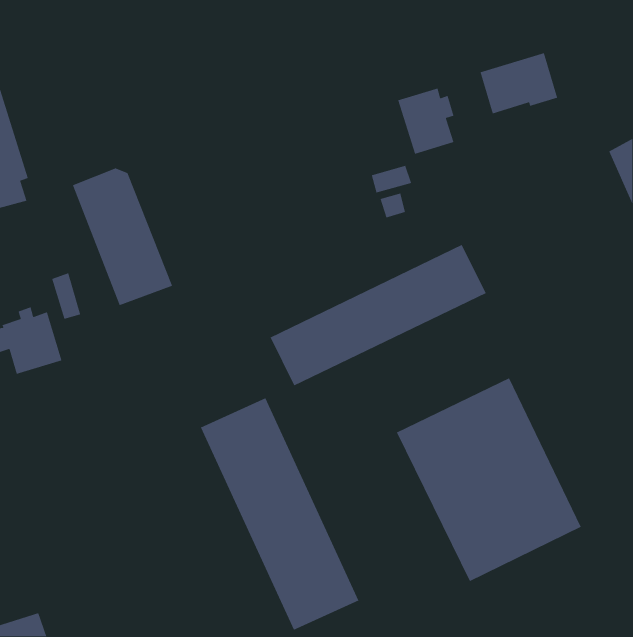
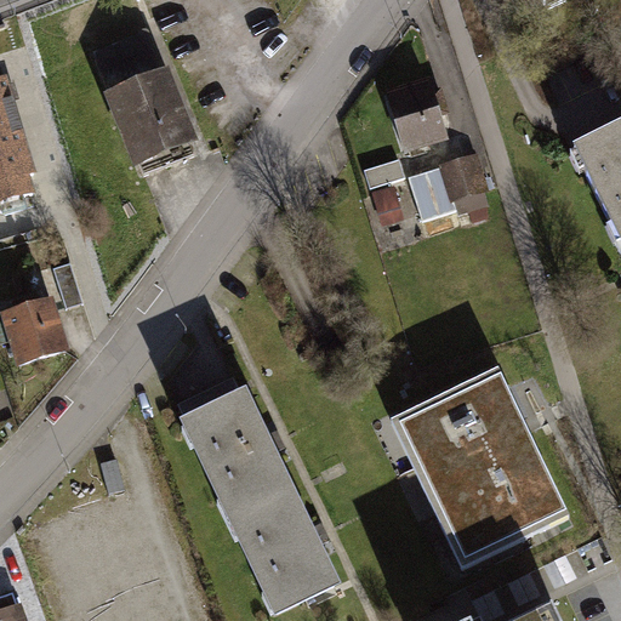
building: [480,52,558,114] -> [406,160,483,221]
building: [72,167,173,306] -> [91,38,189,172]
building: [269,244,487,387] -> none

